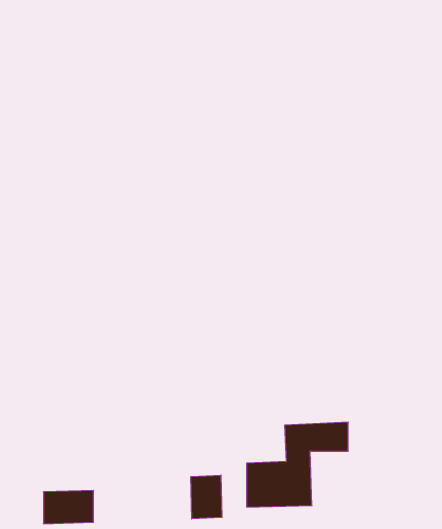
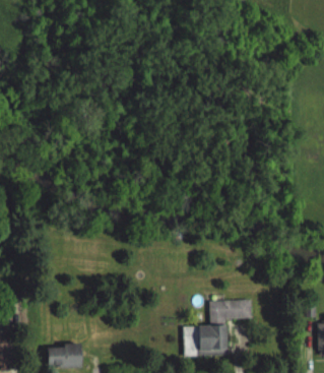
building: [191,475,222,519] -> none

